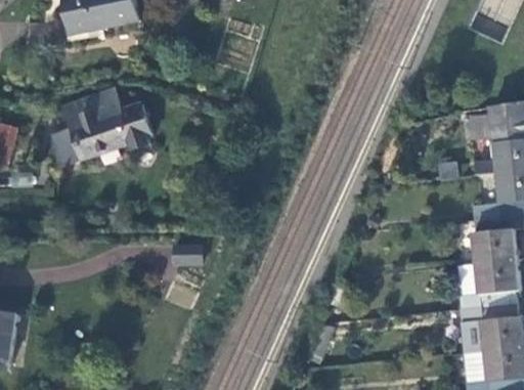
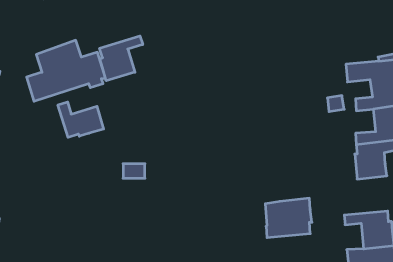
building: none -> [100,36,143,81]
building: none -> [58,102,104,137]
building: [456,260,516,310] -> [265,198,312,238]

